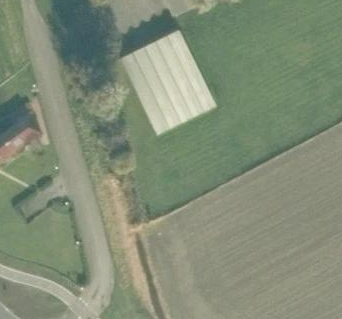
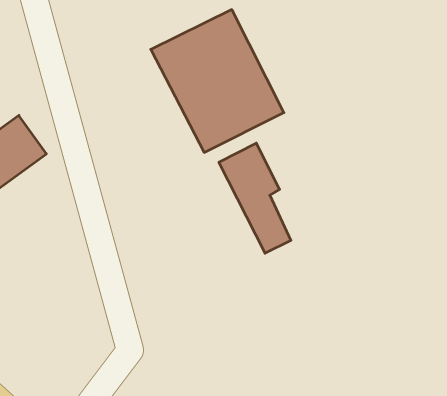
building: none -> [219,143,291,253]

